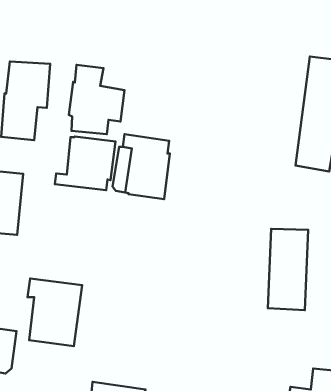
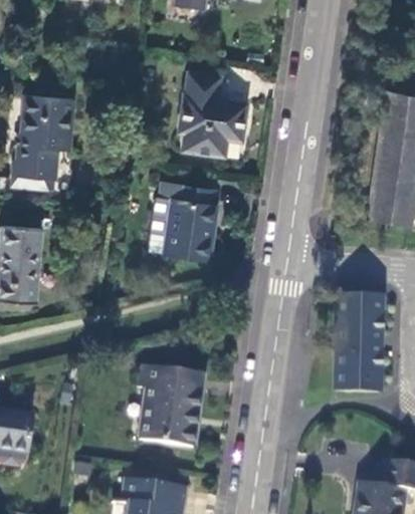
building: [69,65,125,134] -> [180,73,246,156]
building: [55,137,115,190] -> none
building: [28,279,82,346] -> [138,364,203,445]

